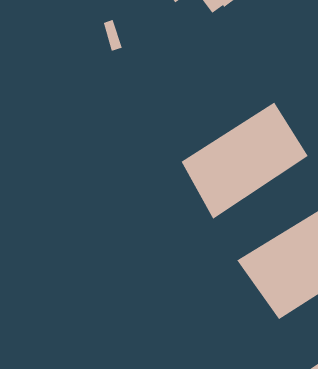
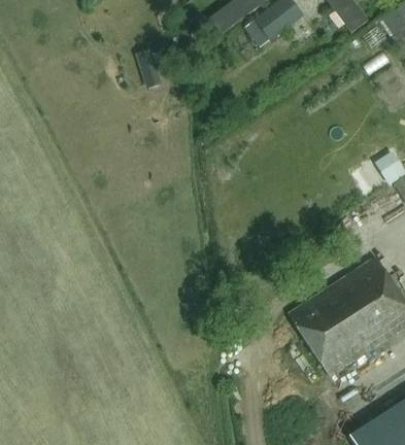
building: [180,101,309,220] -> none

